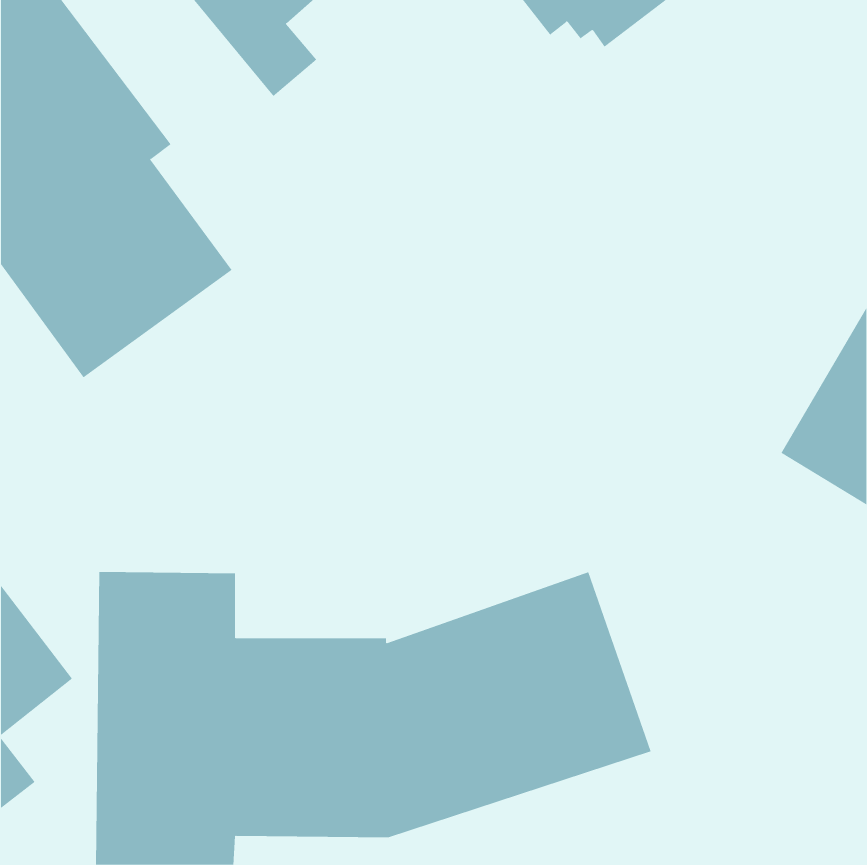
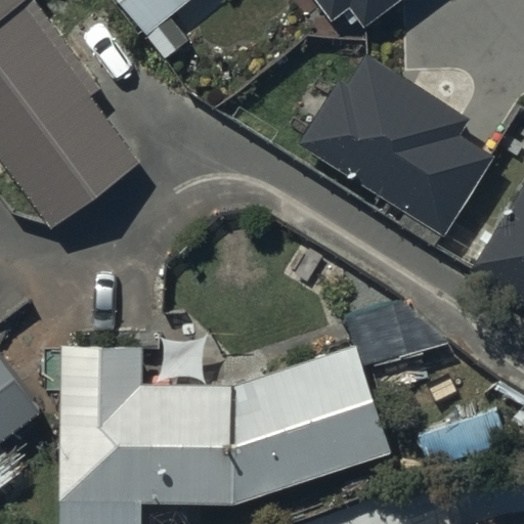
building: none -> [296,52,493,247]

